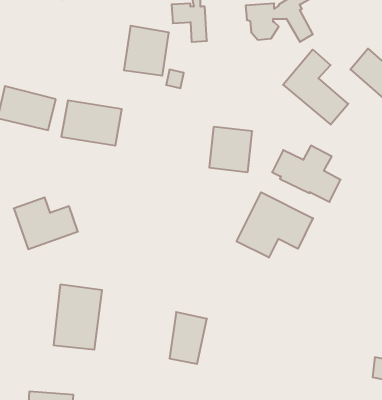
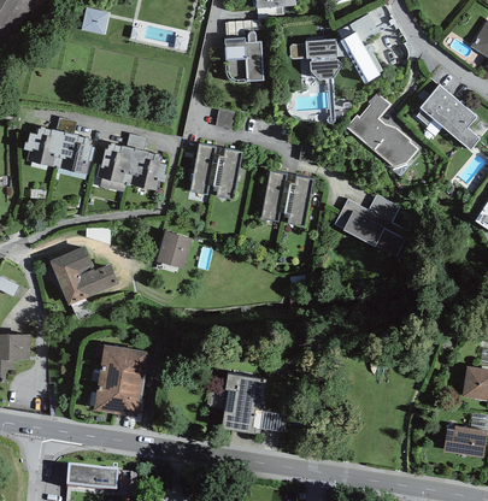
building: [124,26,169,76] -> [192,145,241,199]
building: none -> [157,230,193,269]
building: [237,192,313,258] -> none

